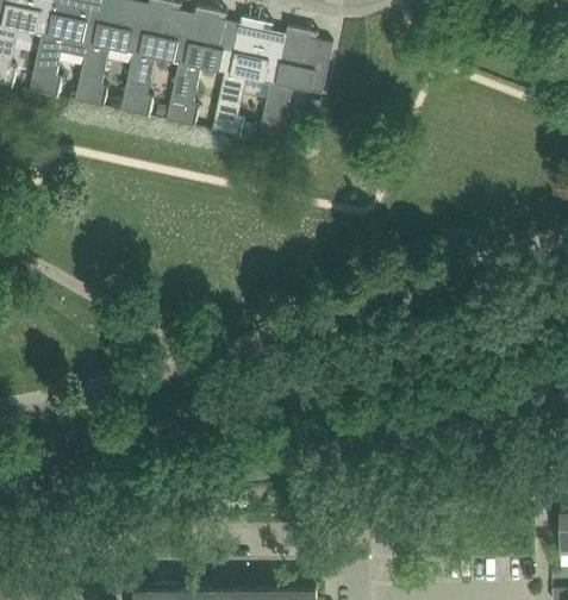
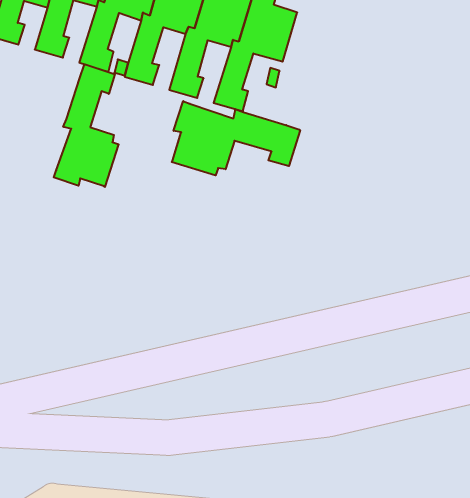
building: none -> [54,64,119,187]
building: none -> [172,101,300,175]

